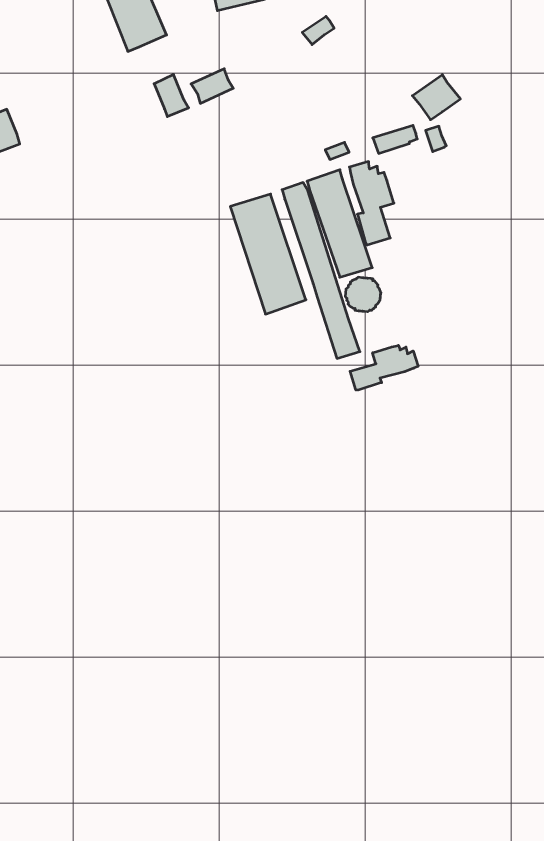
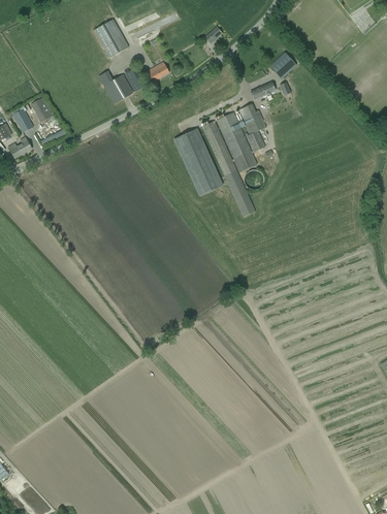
building: none -> [99,71,132,103]
building: [350,345,418,390] -> none

